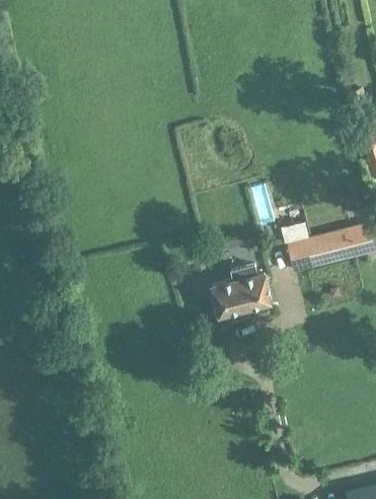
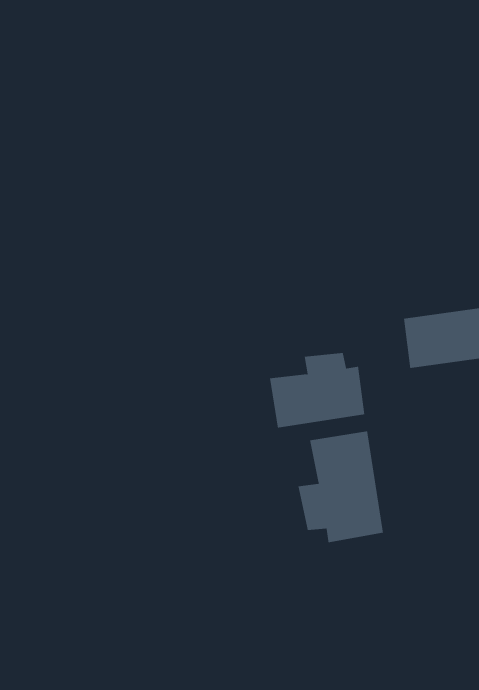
building: none -> [298,431,384,543]

